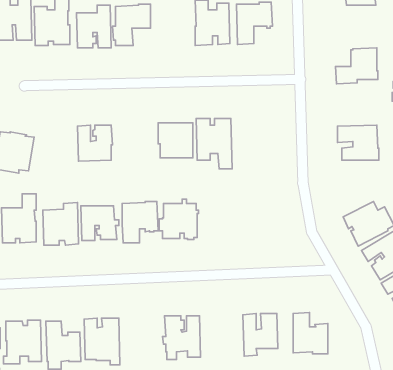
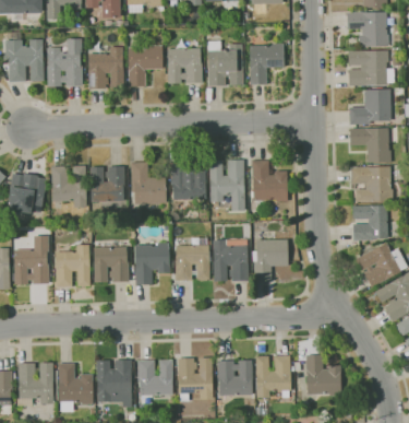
building: none -> [167,47,202,83]
building: none -> [348,49,394,85]
building: none -> [349,128,390,163]
building: none -> [252,160,288,201]
building: none -> [130,162,168,203]
building: none -> [51,164,86,207]
building: none -> [351,205,387,242]
building: none -> [212,237,248,281]
building: none -> [252,238,288,282]
building: none -> [136,359,172,395]
building: none -> [217,360,252,395]

